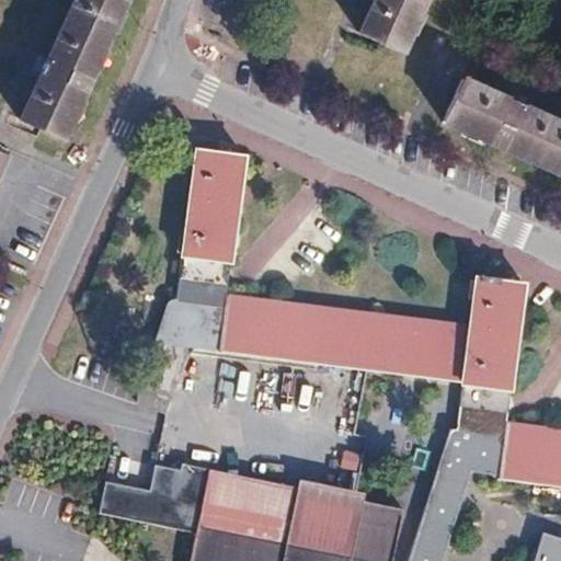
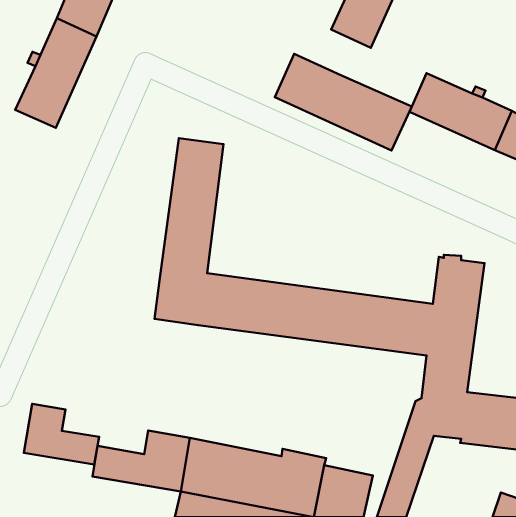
building: none -> [275,54,412,151]
building: none -> [24,404,99,465]

